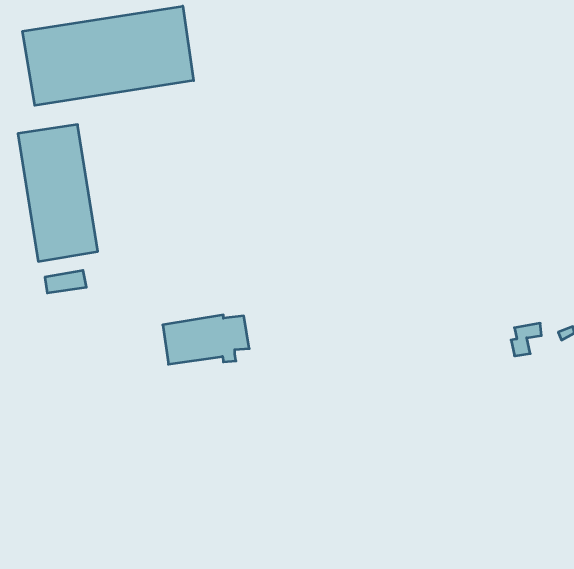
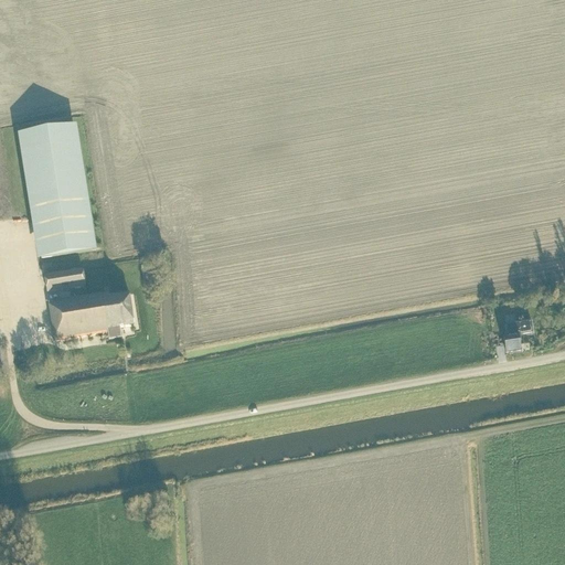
building: [23,6,194,105] -> none
building: [163,315,249,364] -> [49,289,134,338]

